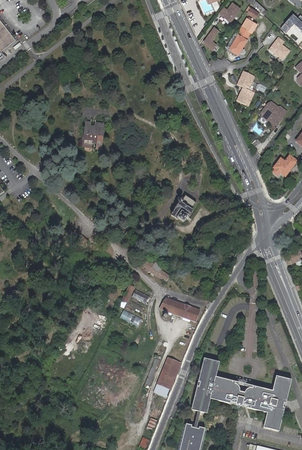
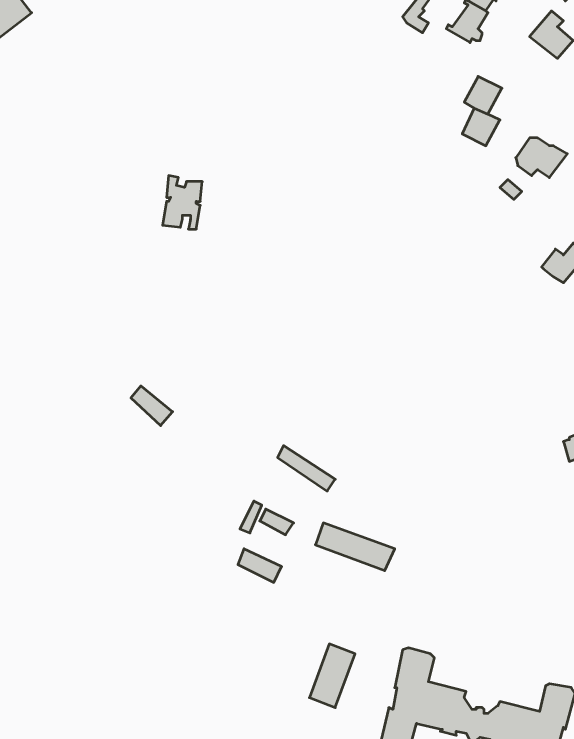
building: [171,195,196,221] -> none

